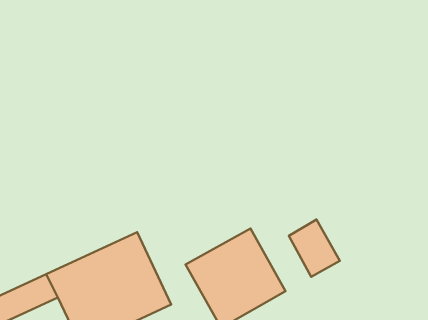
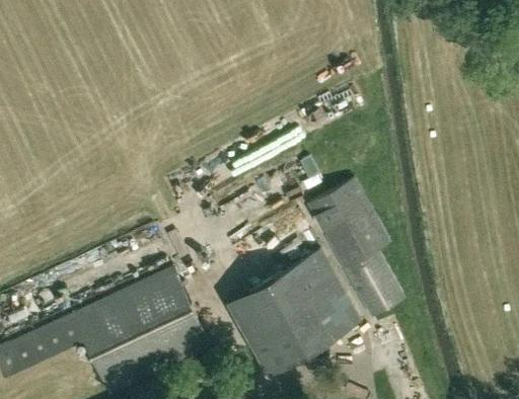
building: none -> [308,181,388,271]
building: none -> [301,253,359,334]

